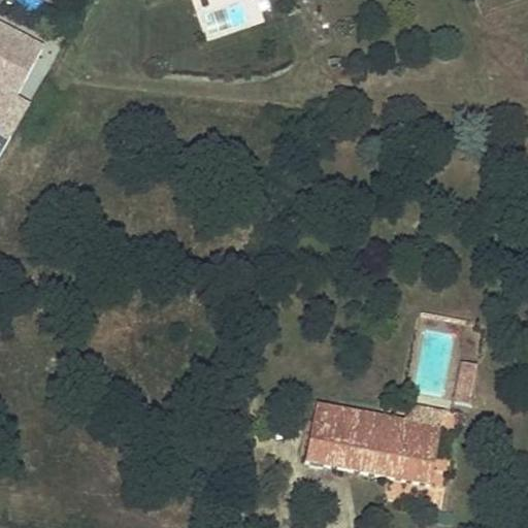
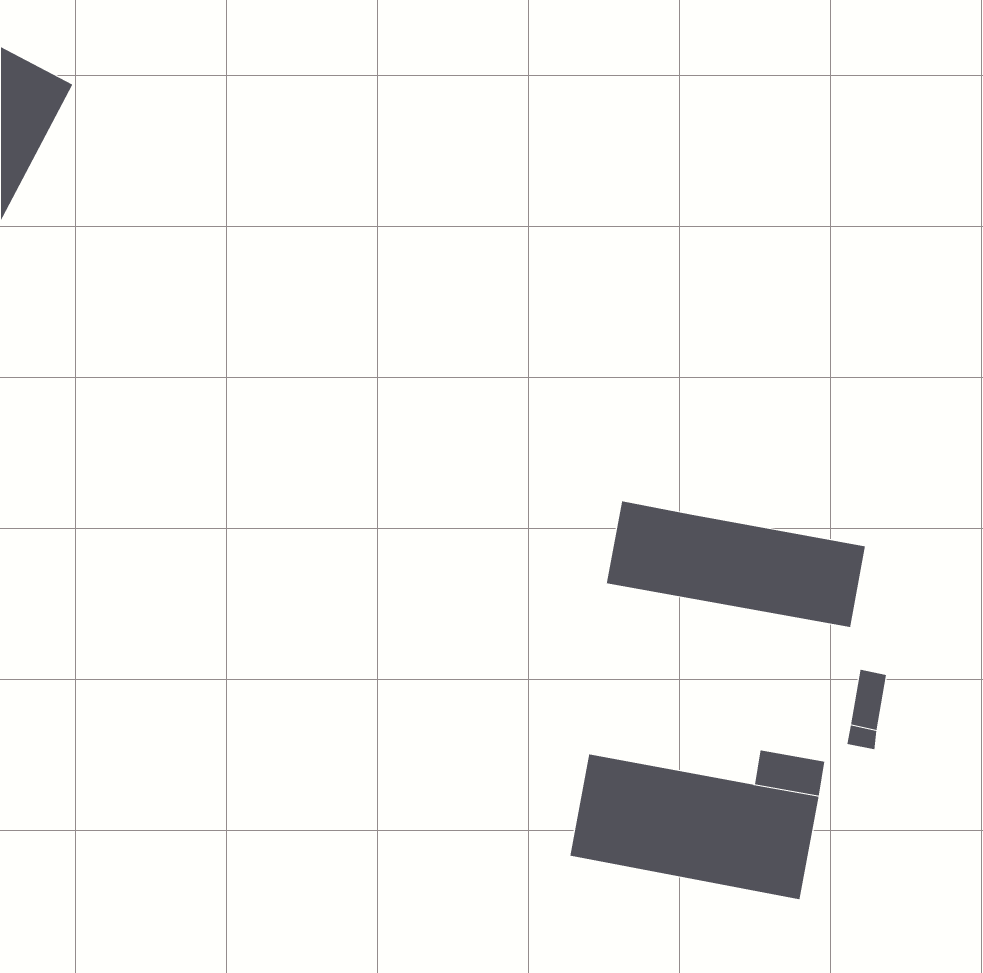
building: none -> [606,500,865,628]

